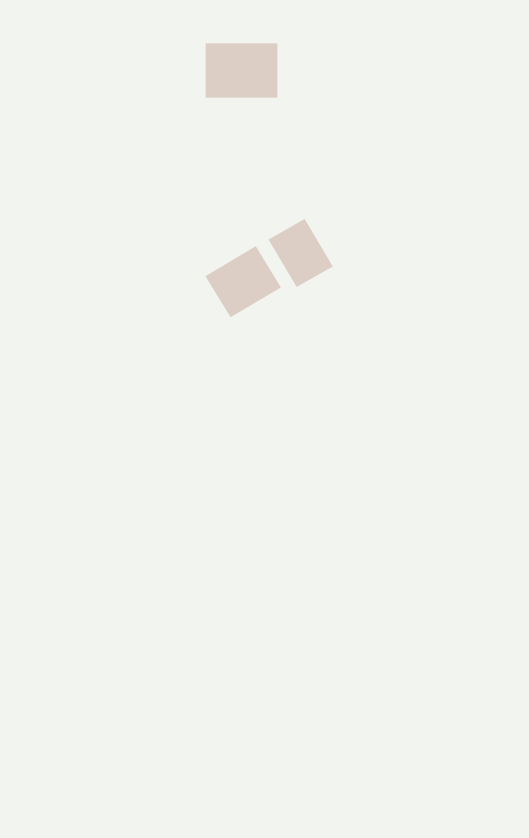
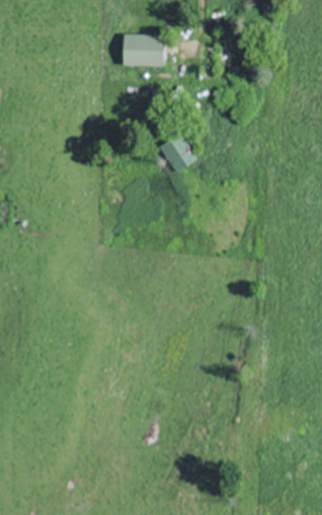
building: [205,245,282,318] -> none

